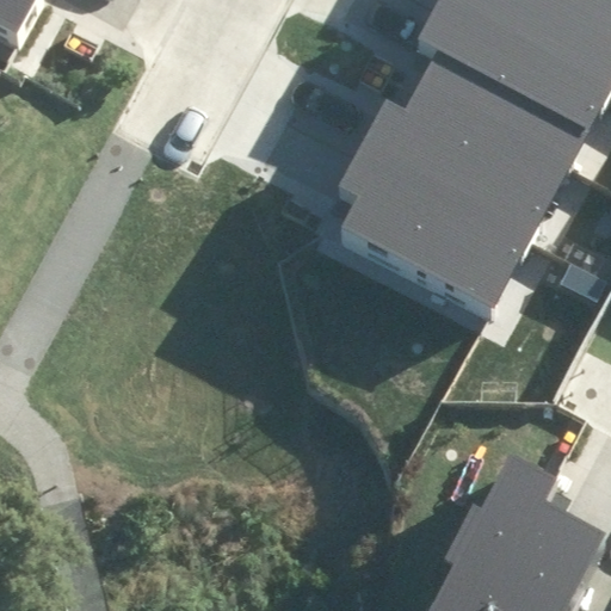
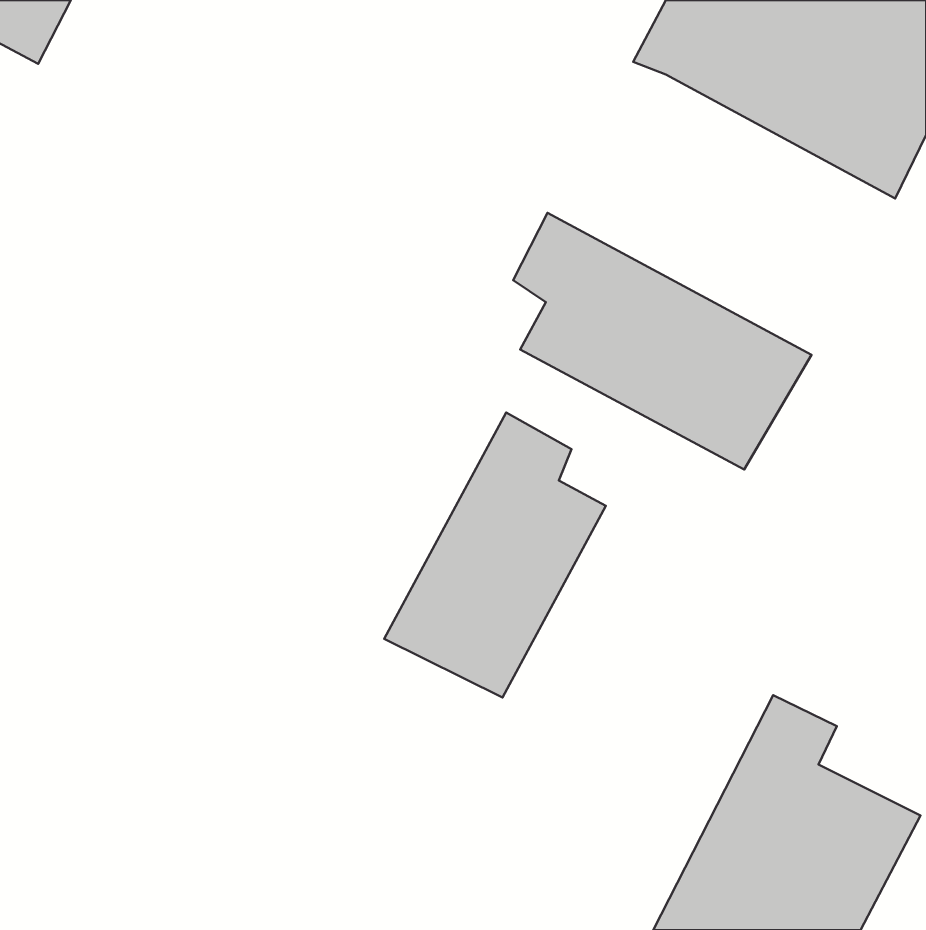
building: [359,49,587,233] -> none
building: none -> [384,412,606,697]

